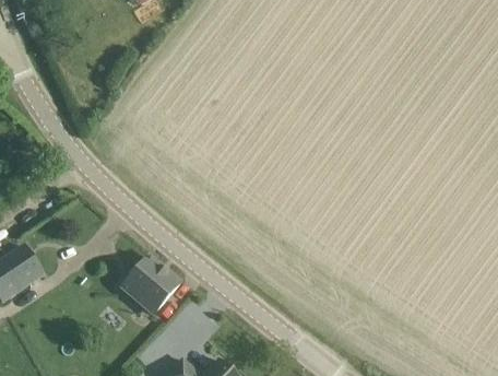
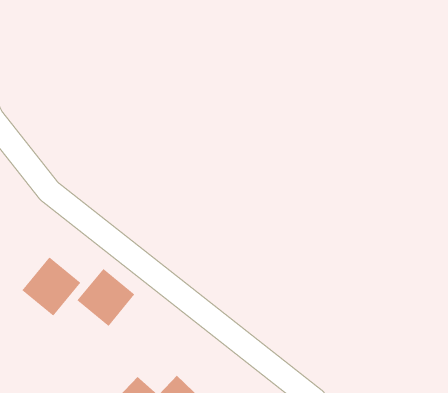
building: none -> [22,257,81,316]

